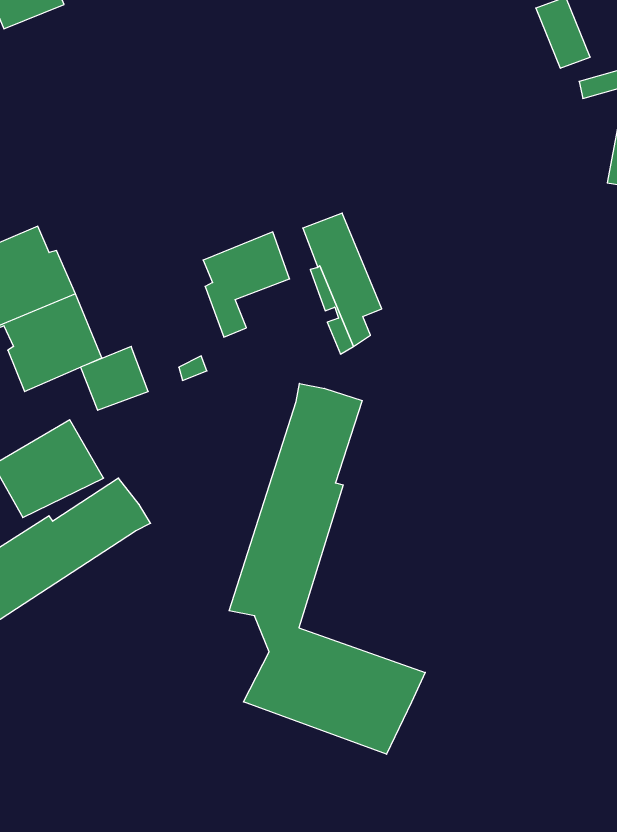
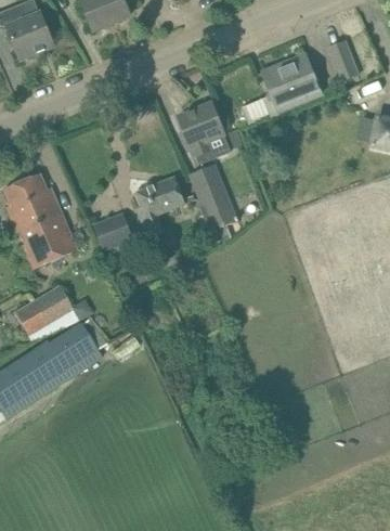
building: none -> [262,53,322,111]
building: none -> [179,102,231,164]
building: [81,346,148,410] -> [94,212,133,249]
building: [229,383,425,754] -> none

